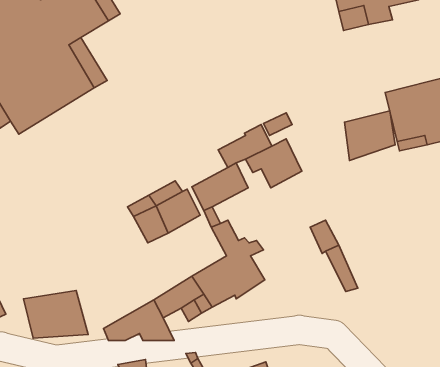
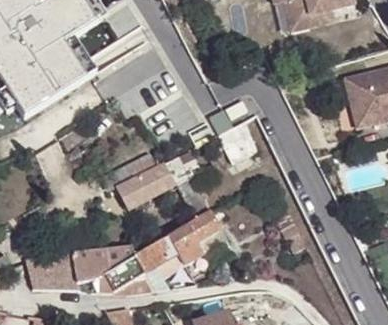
building: [344,111,395,161] -> none
building: none -> [69,244,134,280]

